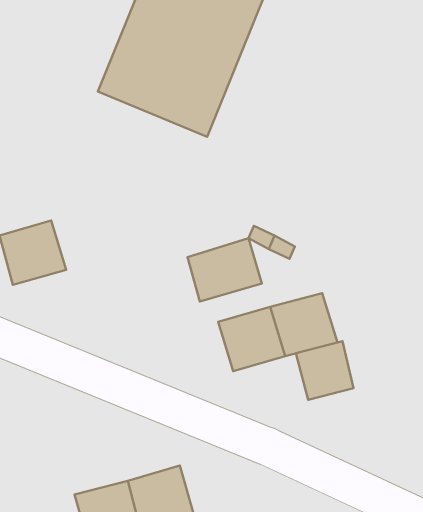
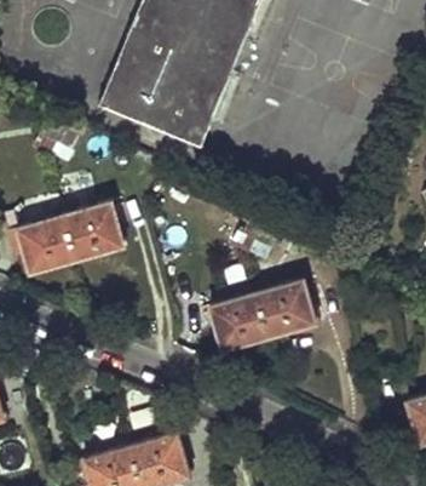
building: none -> [62,202,123,261]
building: [187,238,262,301] -> none
building: [296,341,354,400] -> none

